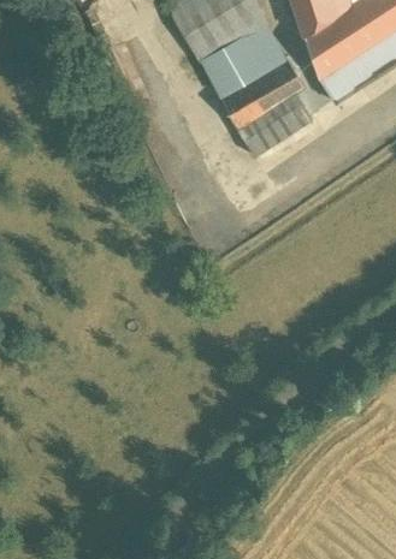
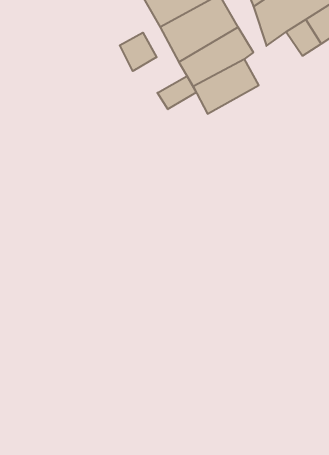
building: [314,58,354,99] -> none
building: none -> [120,33,157,71]
building: none -> [157,76,196,109]

